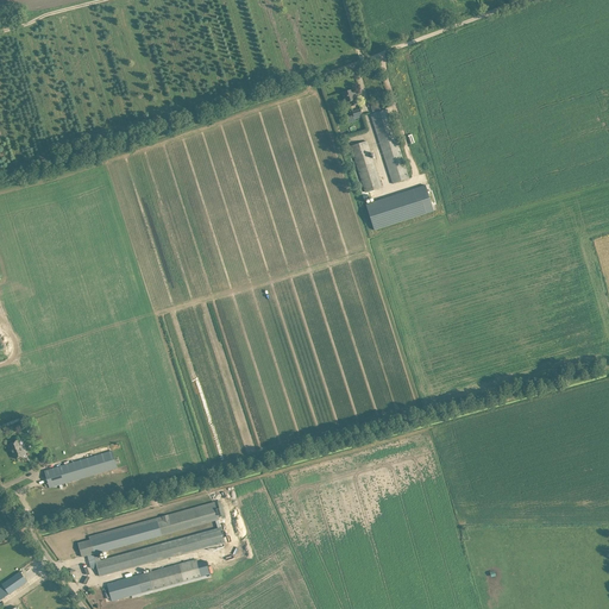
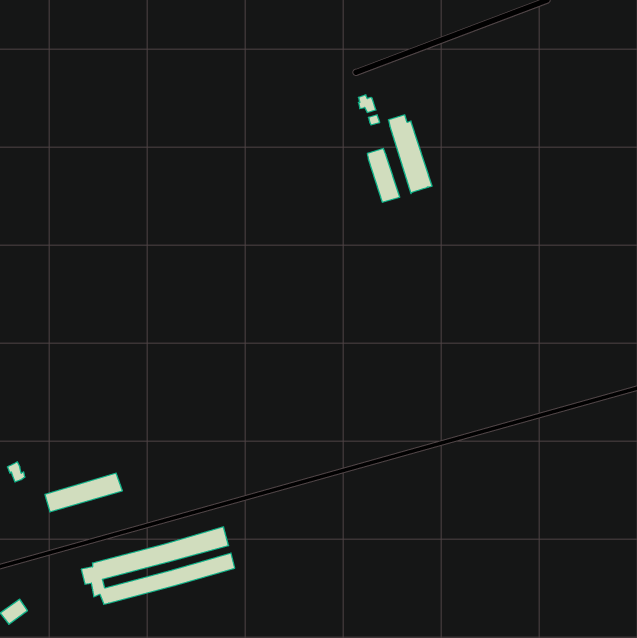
building: [365,186,434,230] -> none
building: [106,559,200,602] -> none

